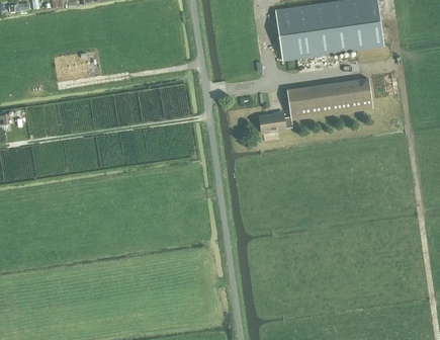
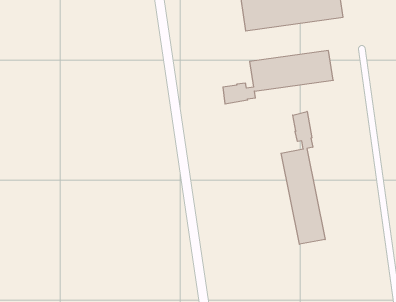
building: none -> [281,111,325,244]

